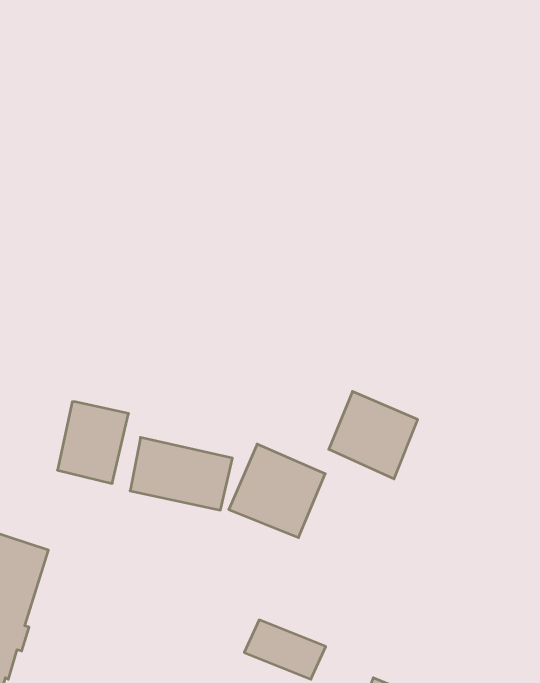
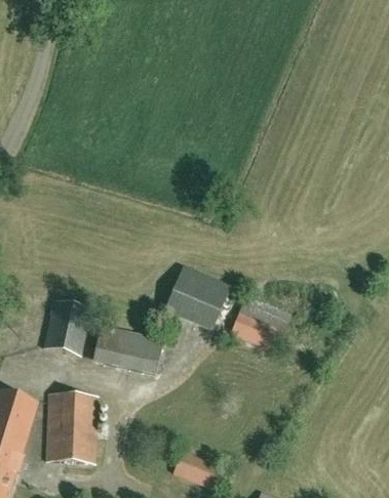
building: [229,444,325,538] -> [163,265,230,330]
building: none -> [45,391,99,463]

